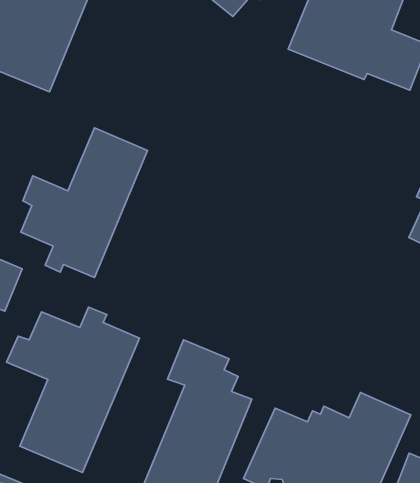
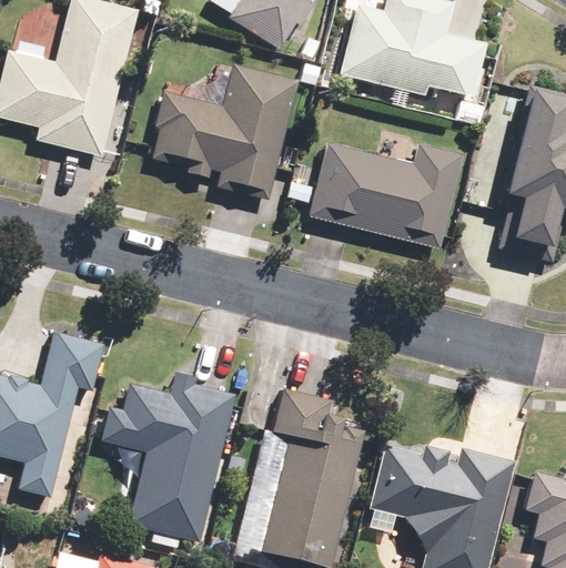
building: none -> [149,65,299,199]
building: none -> [309,143,461,247]
building: [21,128,148,277] -> none

